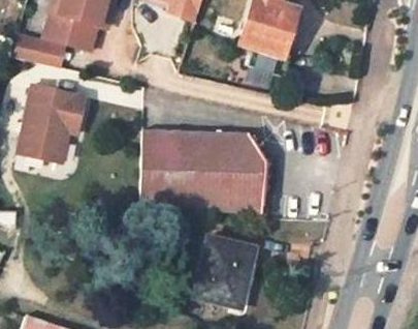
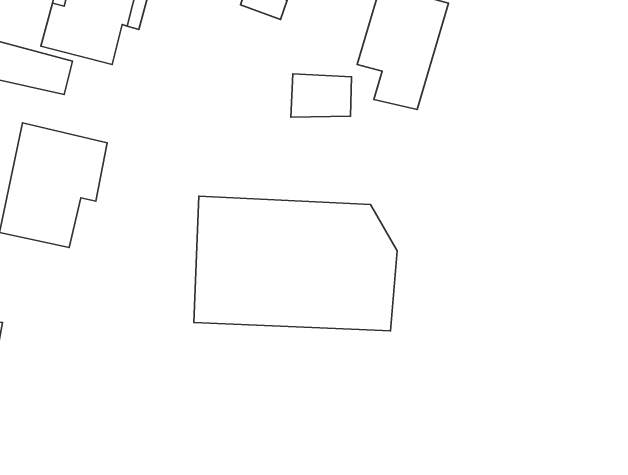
building: none -> [291,74,352,117]
building: [195,238,252,298] -> none

